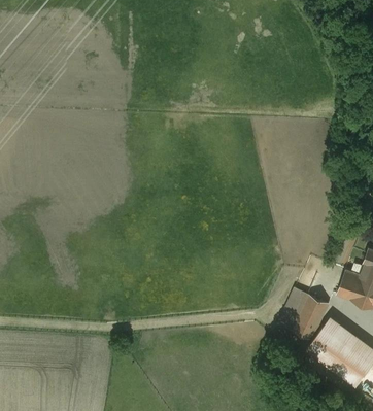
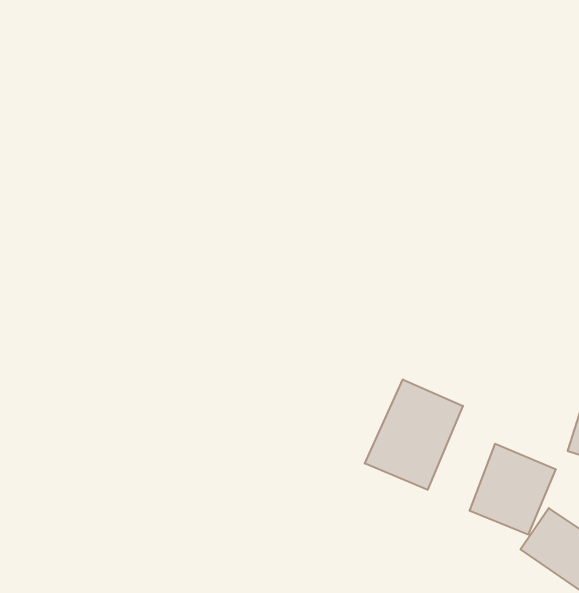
building: none -> [365,379,463,490]

